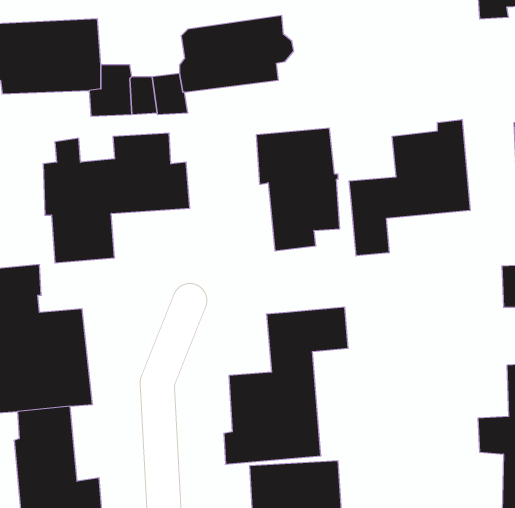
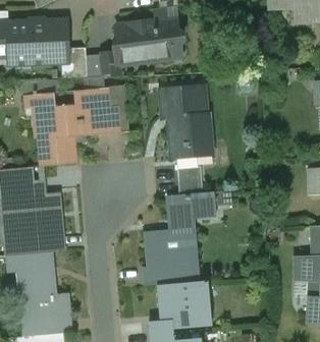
building: [349,119,470,256] -> none
building: none -> [177,165,203,194]

